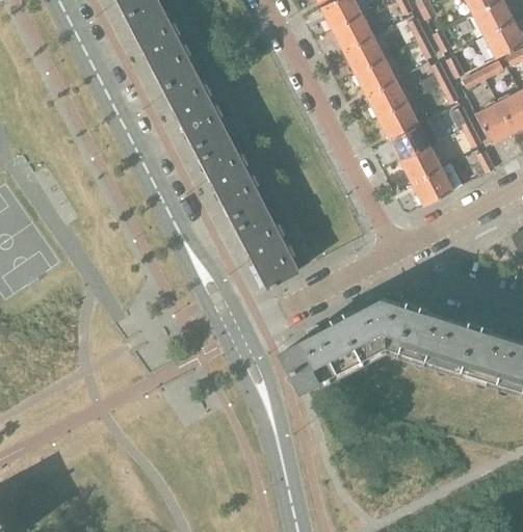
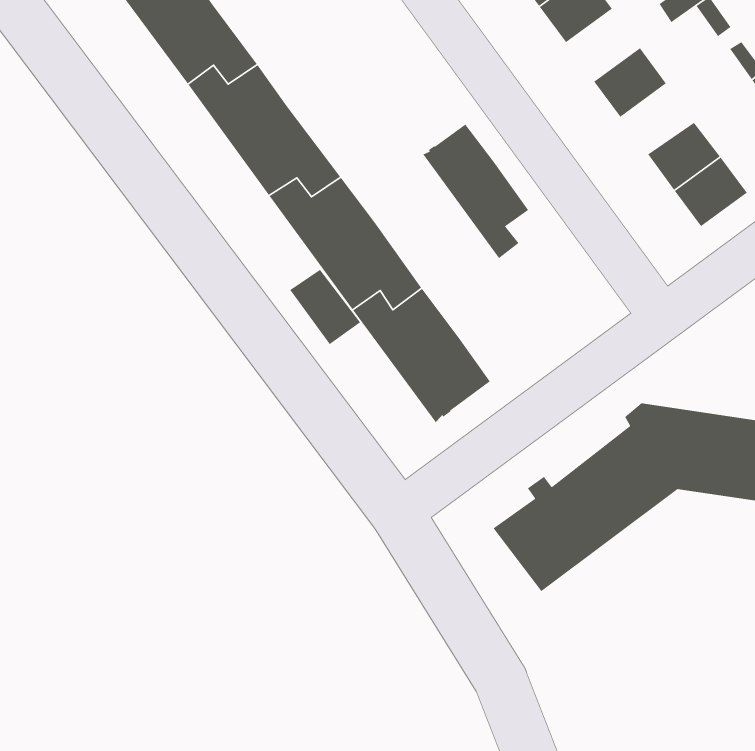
building: [368,81,408,118] -> none
building: [391,126,430,162] -> none
building: none -> [422,123,529,259]
building: none -> [289,269,361,345]

